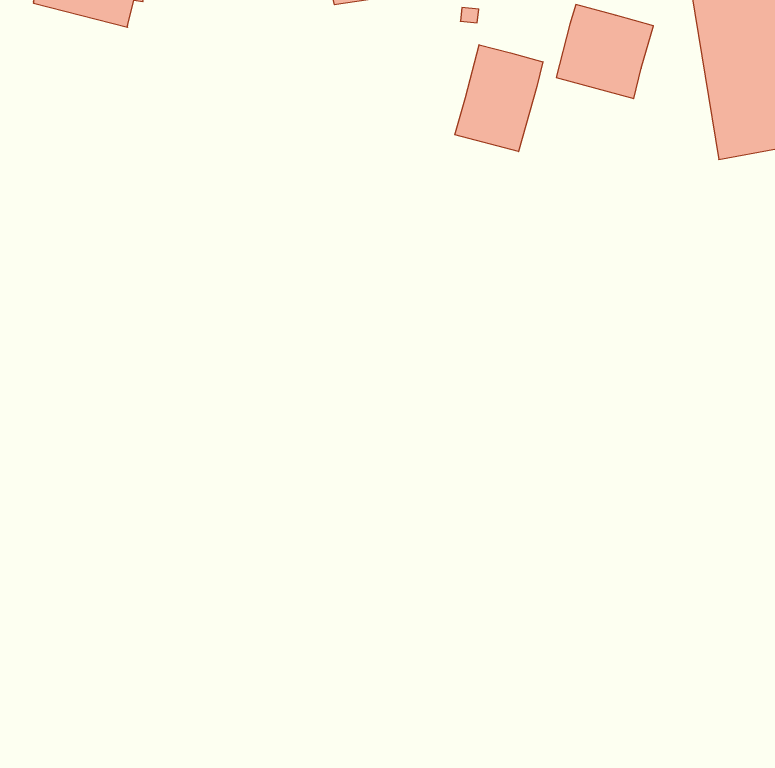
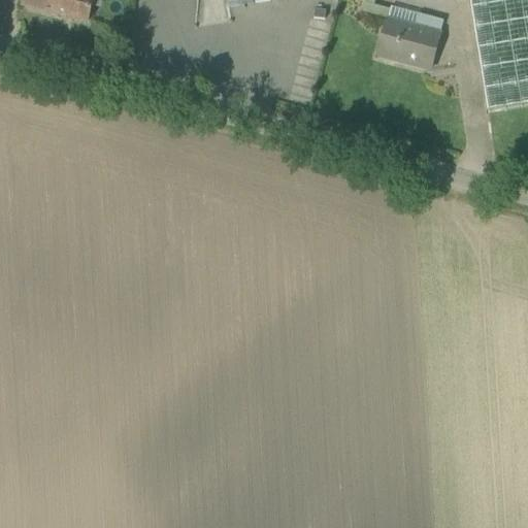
building: [455,45,543,152] -> none

